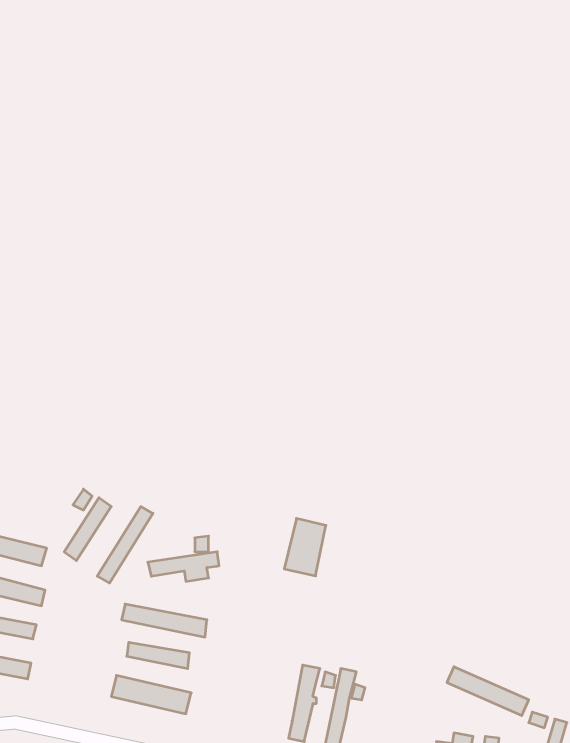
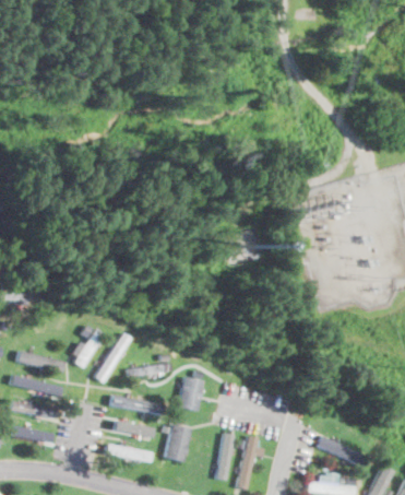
building: [284,518,326,576] -> [177,375,203,411]
building: none -> [163,423,190,461]

